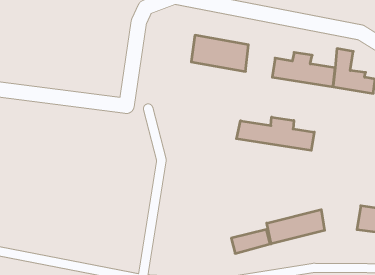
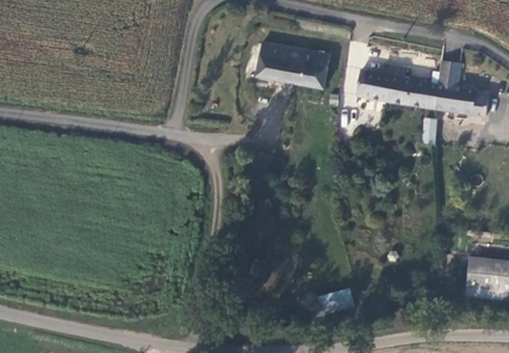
building: [236,117,314,150] -> none
building: [267,210,325,244] -> none

